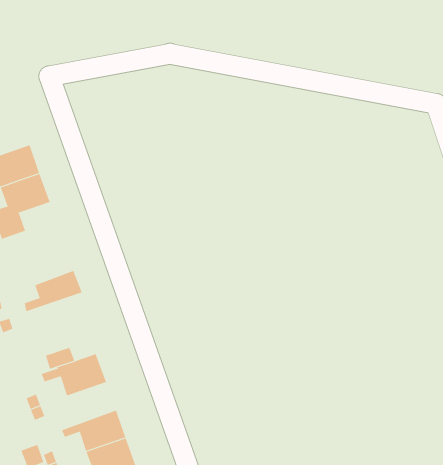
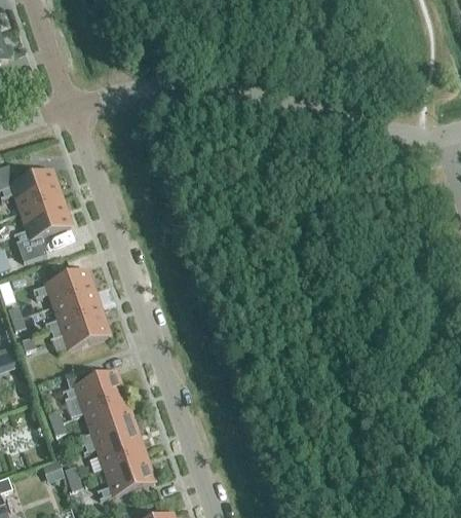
building: none -> [33,270,93,306]
building: none -> [47,313,109,348]
building: none -> [78,400,135,446]

